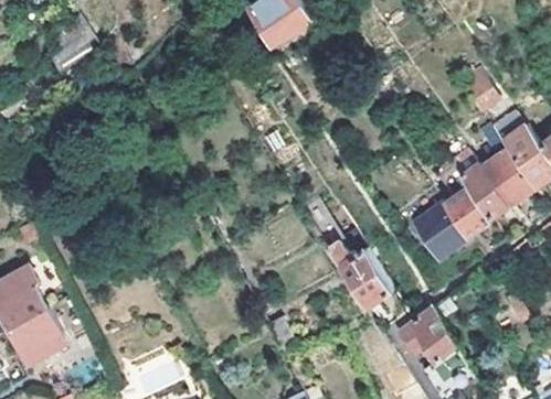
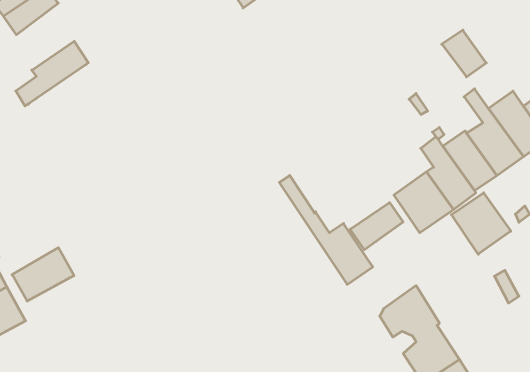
building: none -> [16,41,88,106]
building: none -> [451,193,511,254]
building: none -> [350,203,403,250]
building: none -> [12,248,74,301]

